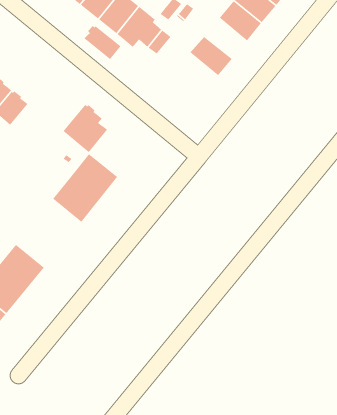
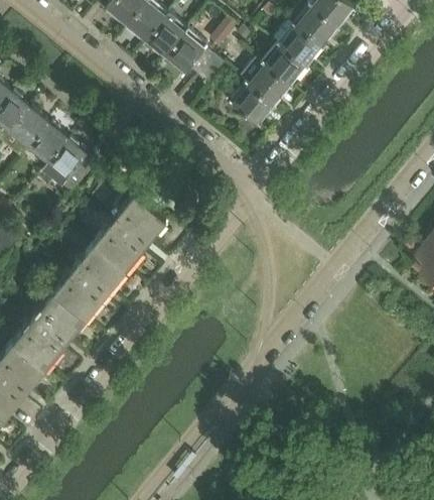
building: none -> [261,42,308,88]
building: [84,25,121,60] -> none
building: none -> [229,81,276,126]
building: [62,104,108,153] -> [42,137,93,192]
building: none -> [53,242,126,318]

